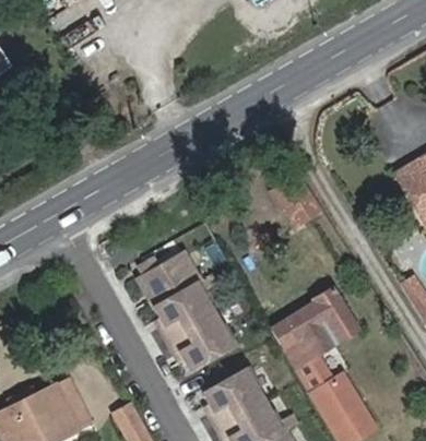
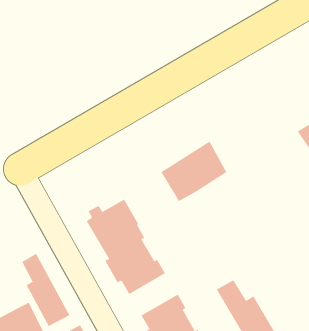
building: [275,289,356,363] -> [161,141,227,202]
building: none -> [21,253,70,327]

